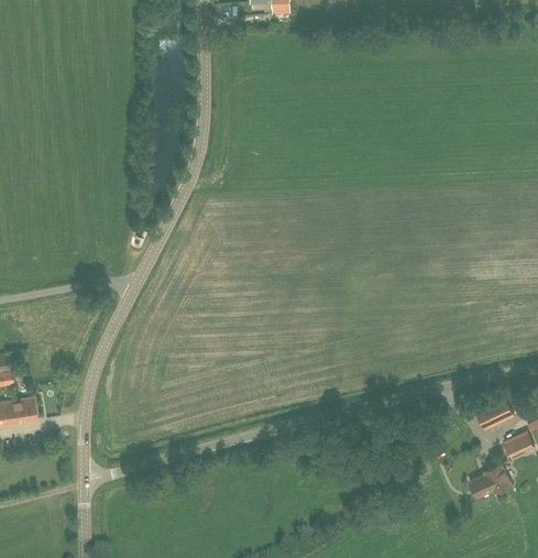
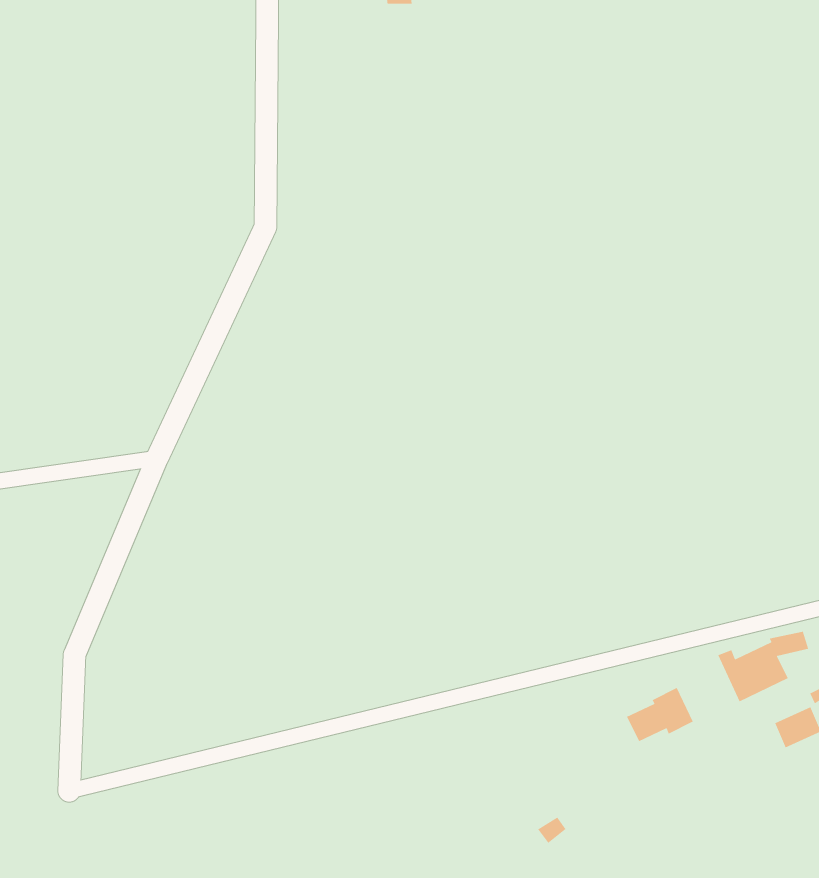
building: [469,464,509,497] -> [626,687,694,742]

